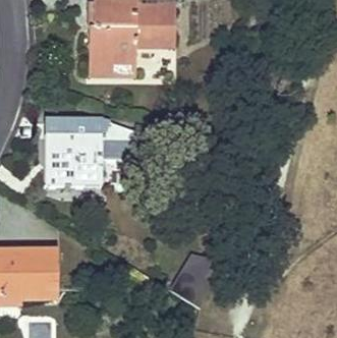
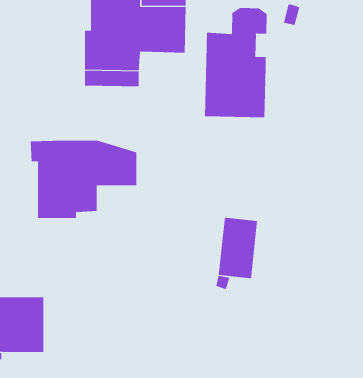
building: none -> [205,7,267,118]
building: [173,252,207,304] -> [218,217,258,279]

